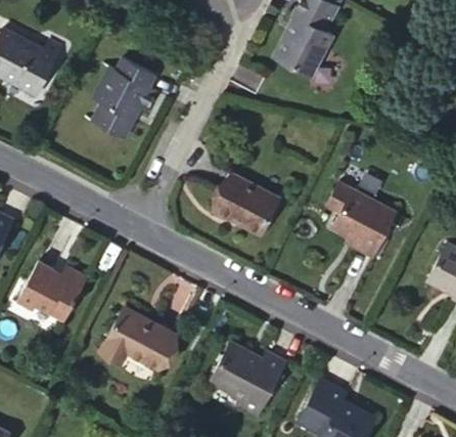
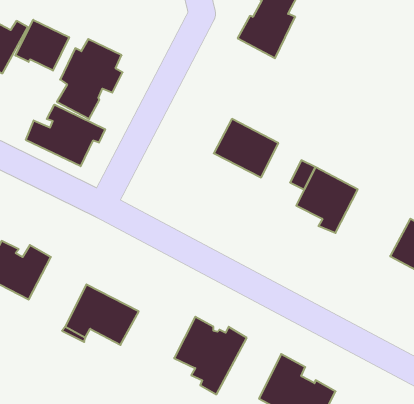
building: none -> [15,20,69,71]
building: none -> [26,105,105,166]
building: [215,174,280,233] -> [214,119,278,177]

